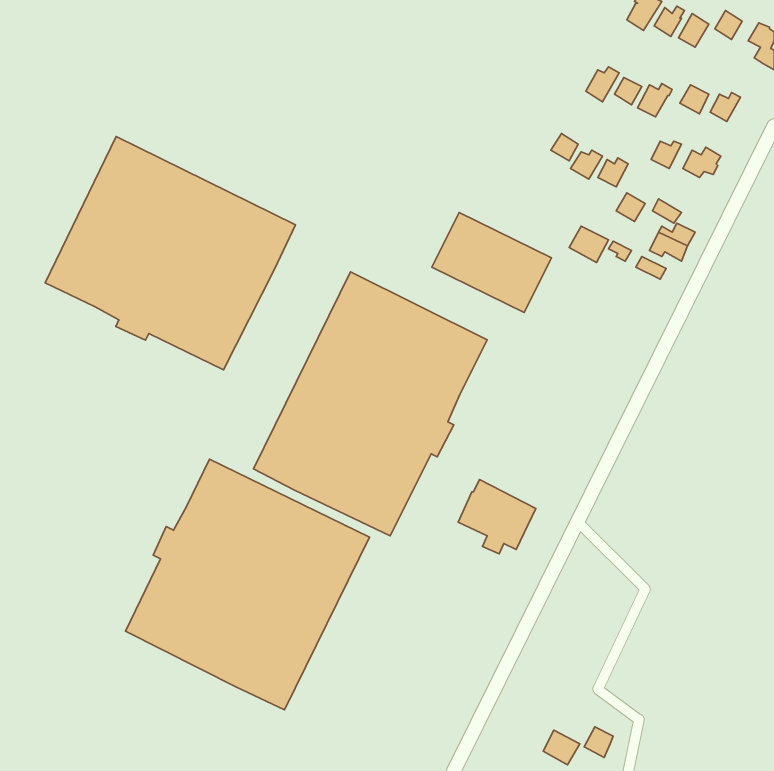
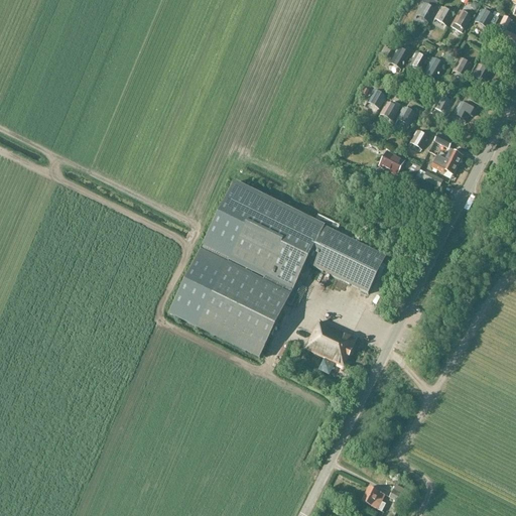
building: [45,136,296,370] -> none
building: [432,212,552,313] -> [305,226,385,292]
building: [126,459,370,710] -> none

